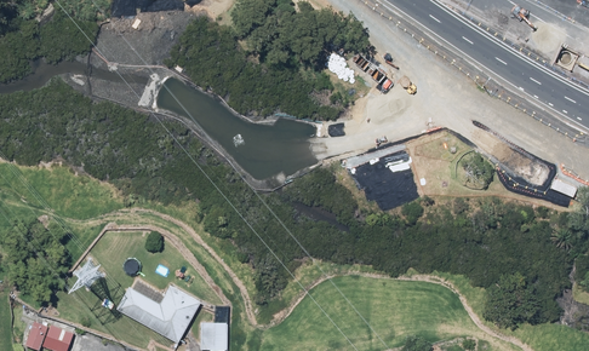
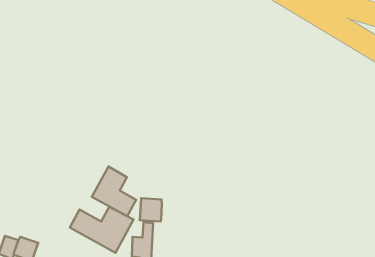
building: none -> [92,167,136,216]
building: none -> [140,198,162,221]

